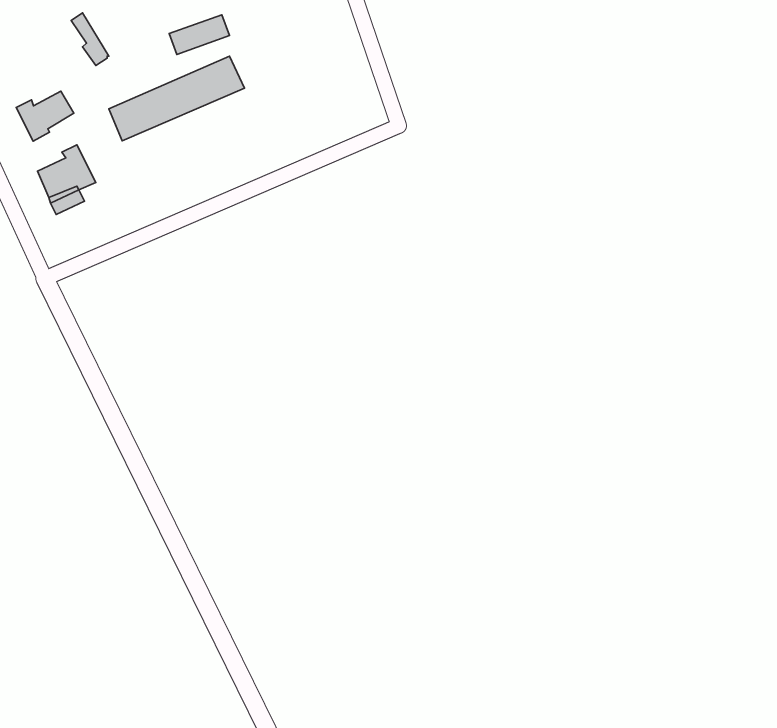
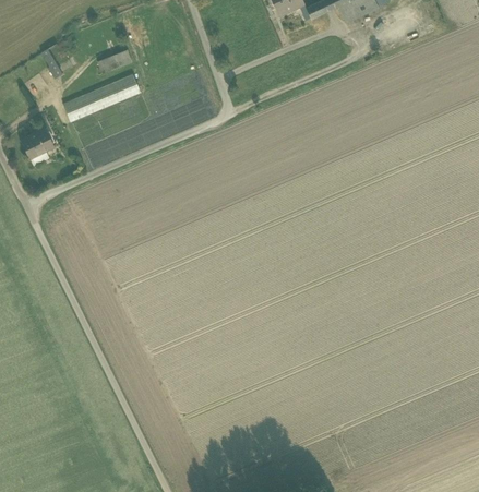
building: [16,91,74,141] -> none

